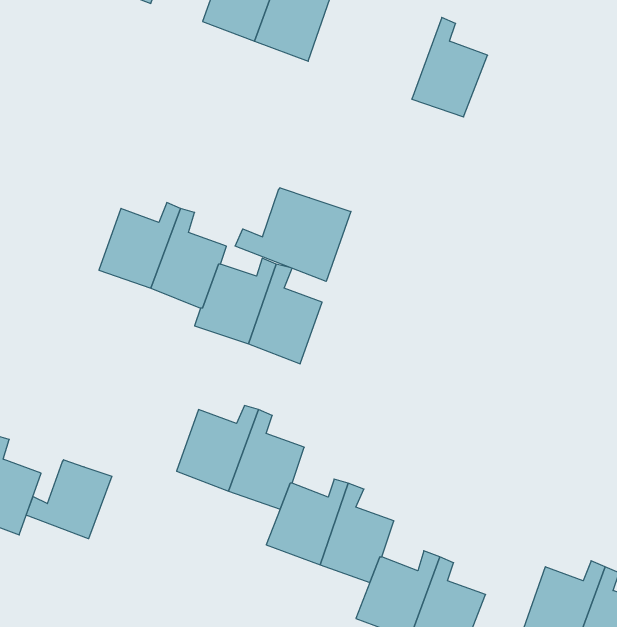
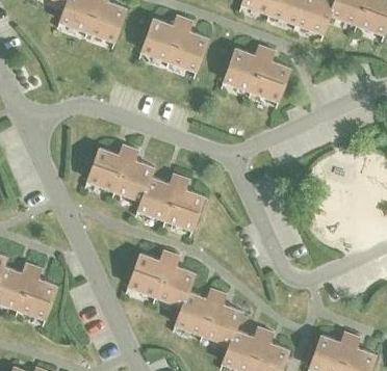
building: none -> [224,46,266,91]
building: [235,188,351,281] -> none
building: [26,460,112,539] -> none

